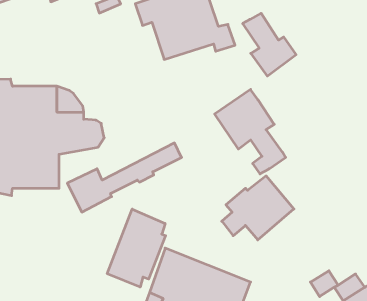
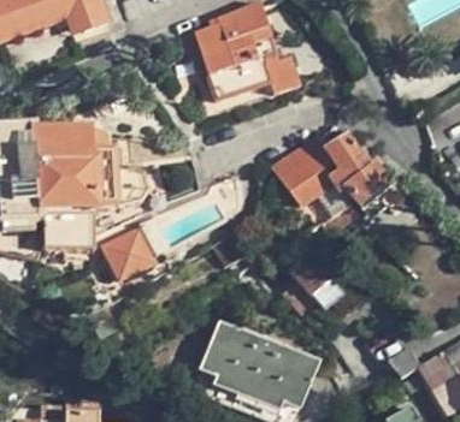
building: [243,13,296,76] -> [326,135,389,208]
building: [107,209,166,287] -> none

